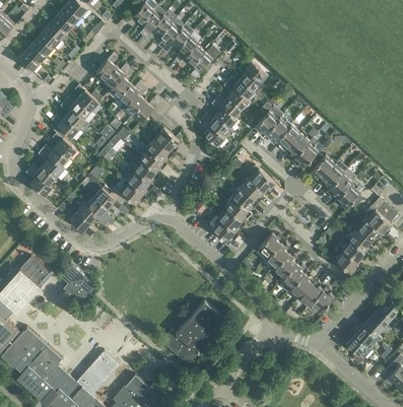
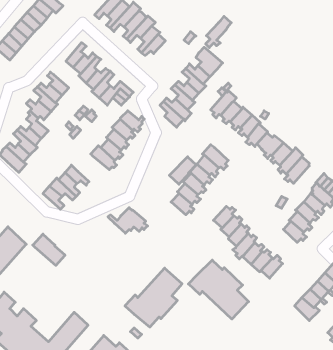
building: [190,44,218,78] -> [206,16,231,48]
building: [100,178,144,206] -> [108,208,148,233]
building: none -> [169,157,196,184]
building: none -> [188,260,249,319]

